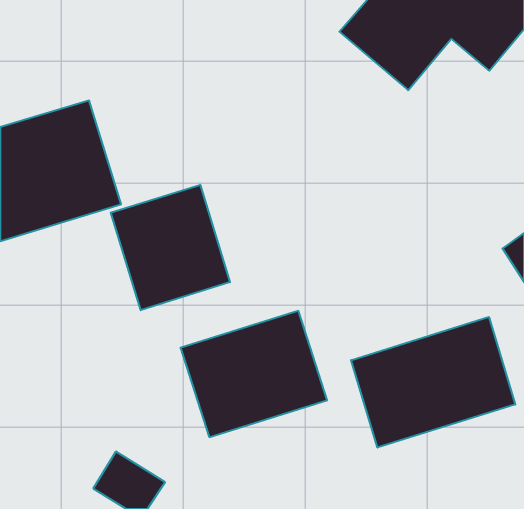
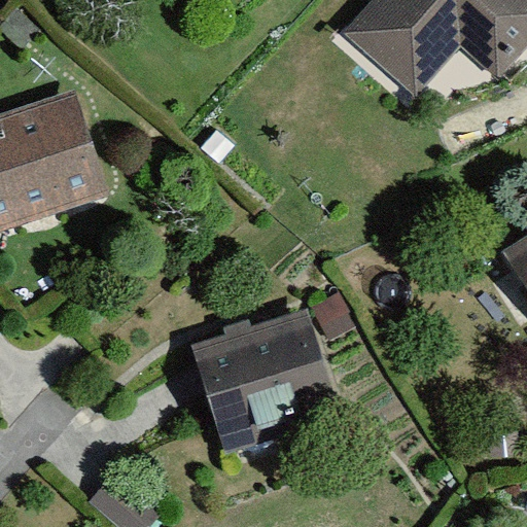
building: [111,185,230,310] -> none
building: [351,317,515,448] -> none

